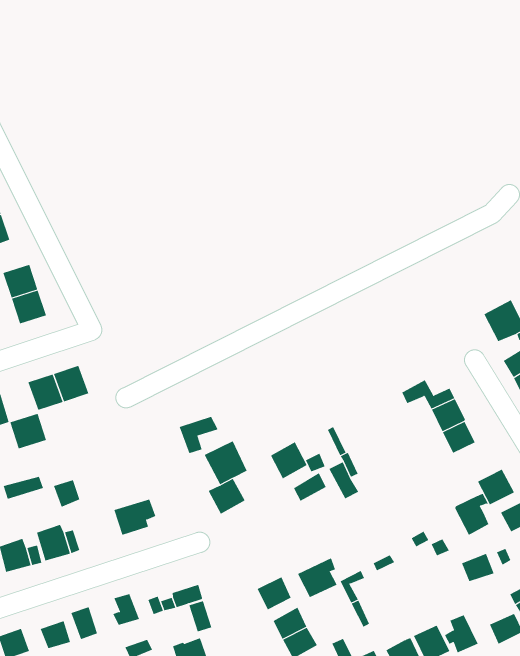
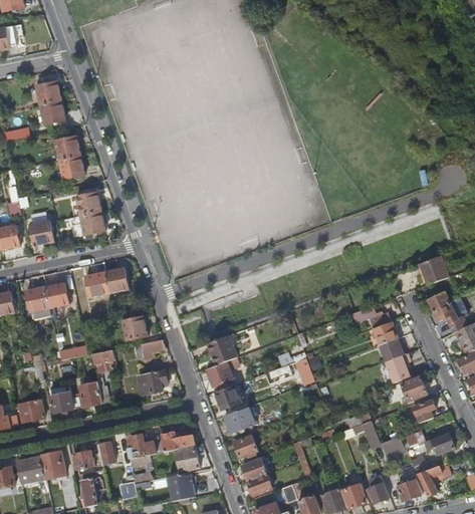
building: [10,413,47,449] -> [122,315,147,339]
building: [179,416,218,454] -> [138,338,166,363]
building: [270,441,308,479] -> [215,386,241,412]
building: [454,493,490,535] -> [384,354,409,383]
building: [297,557,338,598] -> [223,407,251,434]

